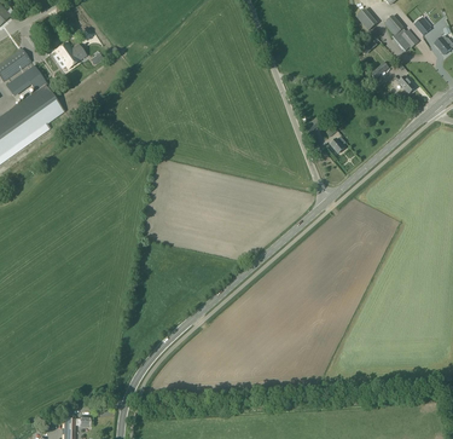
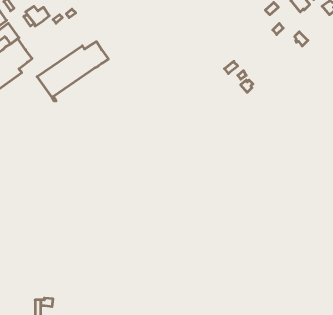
building: none -> [37,42,108,101]

